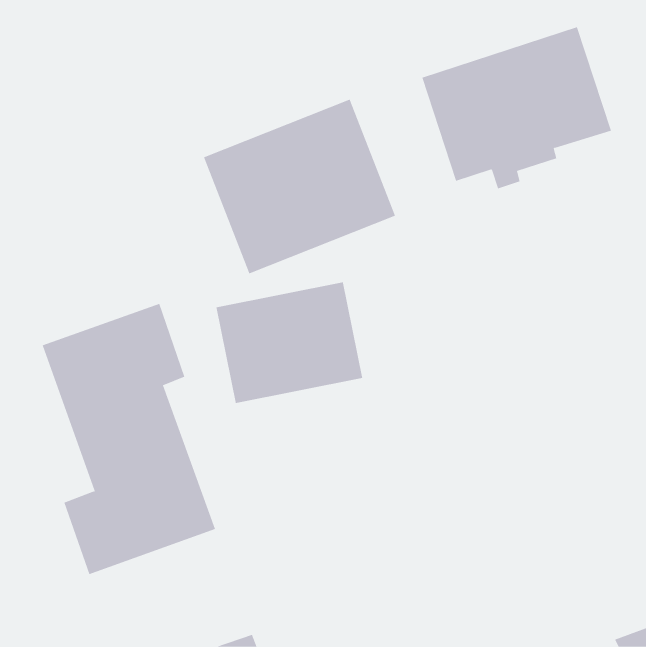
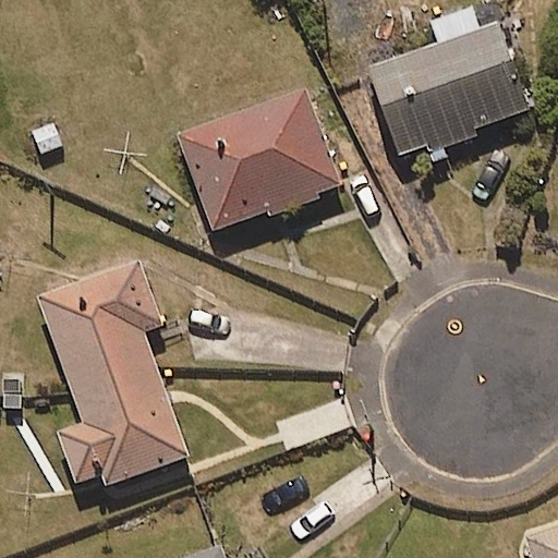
building: [216,281,363,404] -> none

